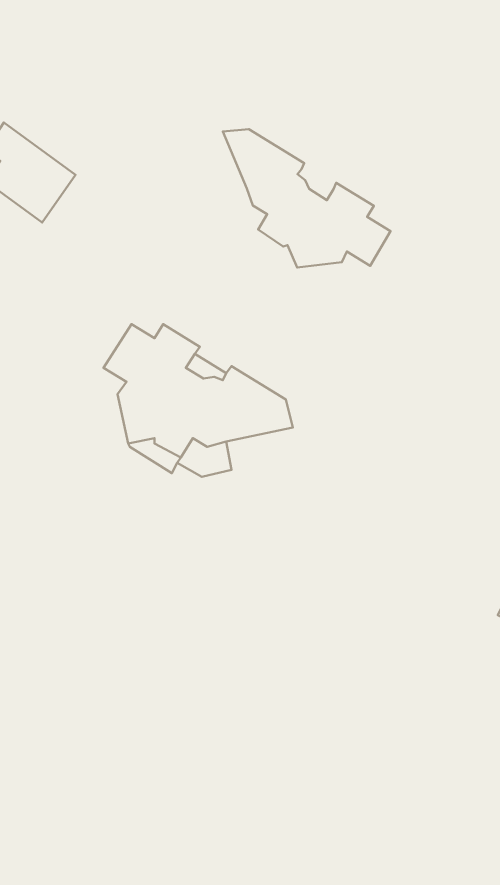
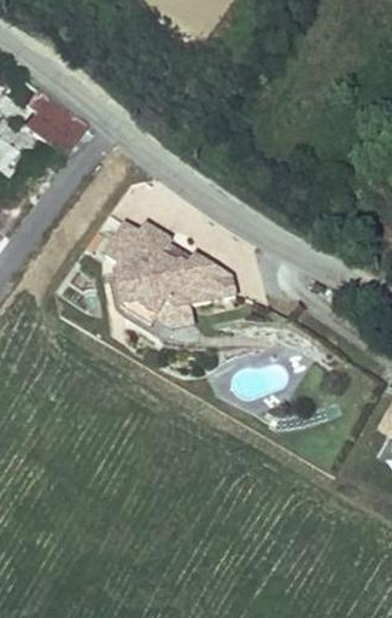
building: [223,129,390,268] -> none

